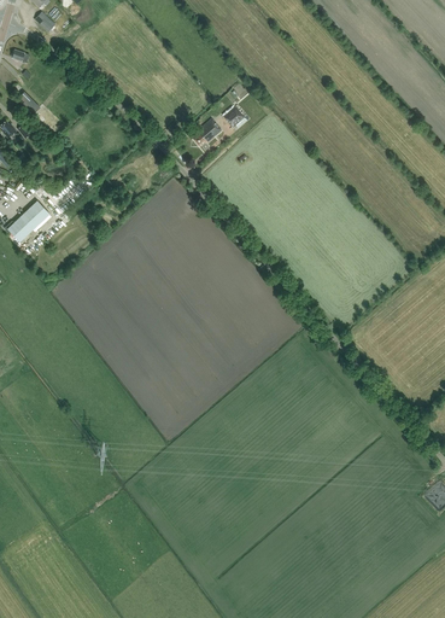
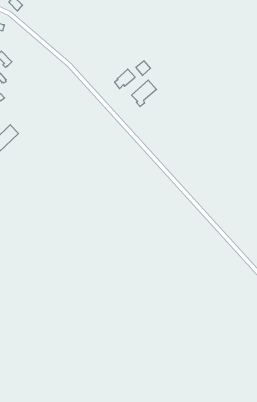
building: none -> [132,80,157,107]

